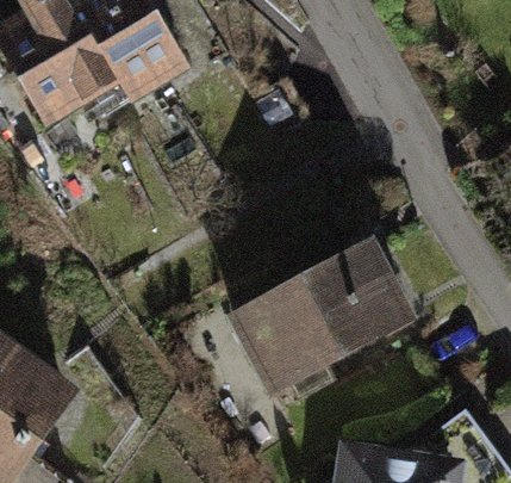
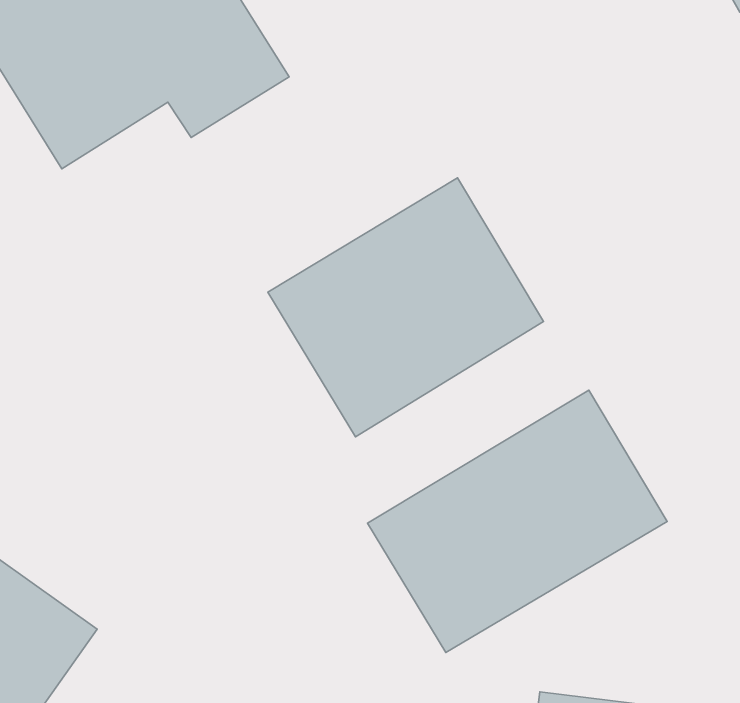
building: none -> [268,178,544,437]

